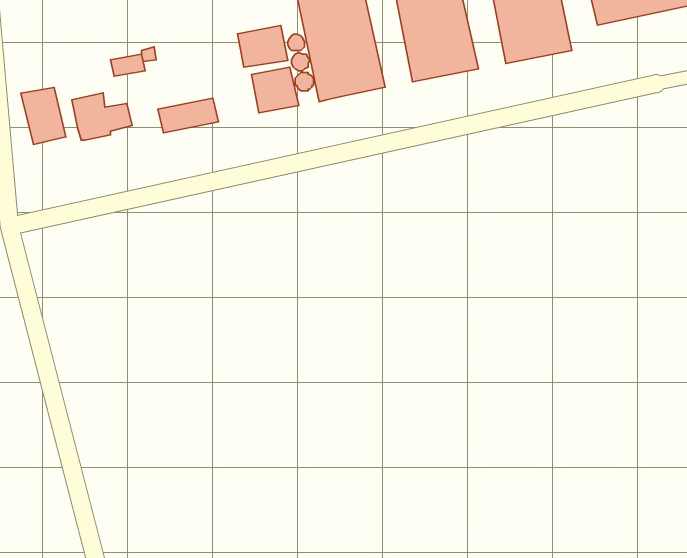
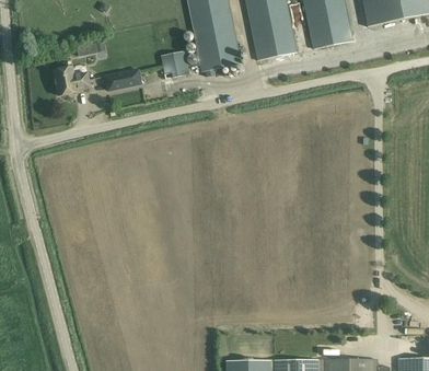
building: [238,26,288,67] -> none
building: [21,88,66,145] -> none

